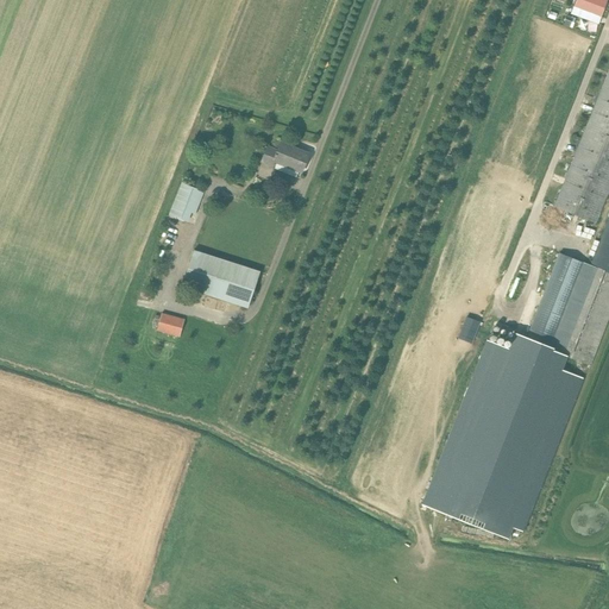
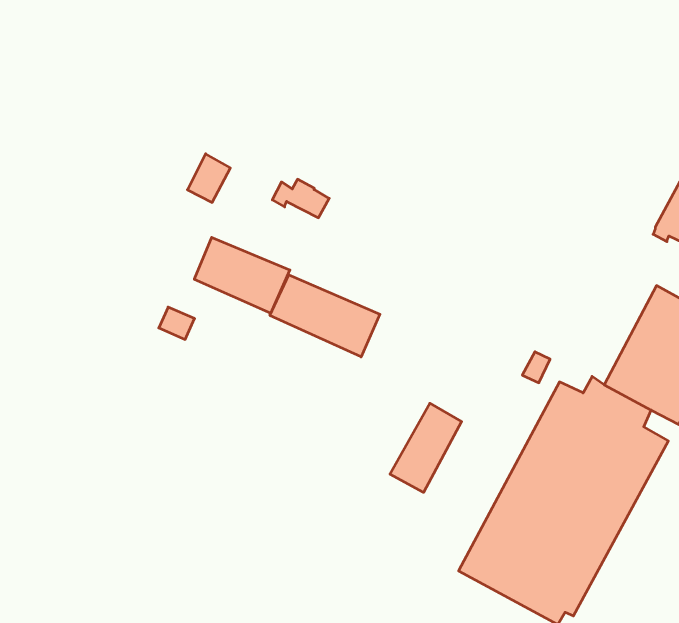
building: [263,142,309,171] -> [272,179,329,218]
building: none -> [270,275,380,357]
building: none -> [390,403,462,492]

